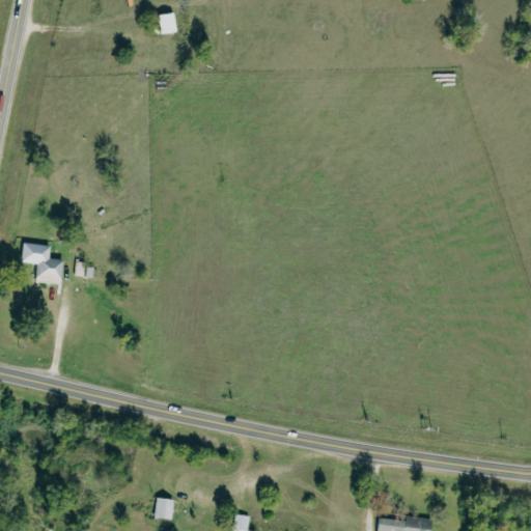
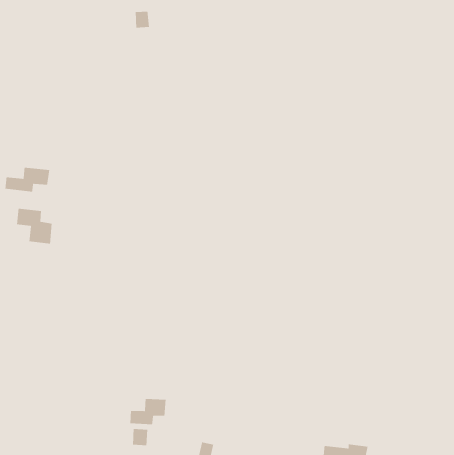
building: none -> [4,167,50,192]
building: none -> [129,398,167,425]

